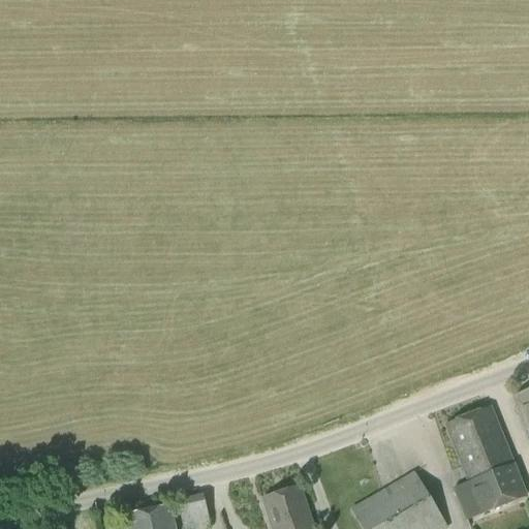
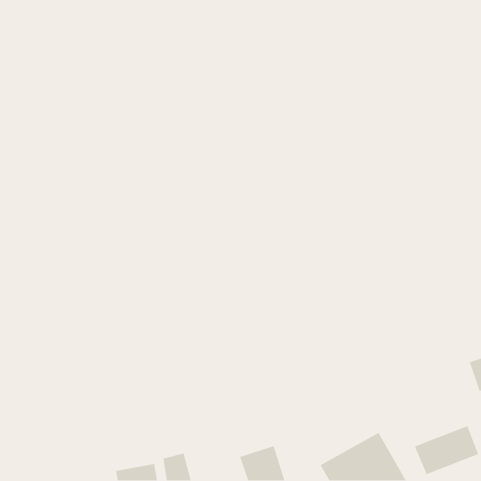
building: [447,407,514,481] -> none

